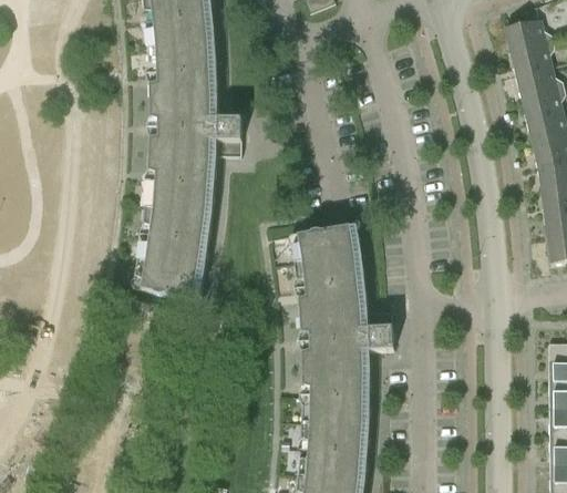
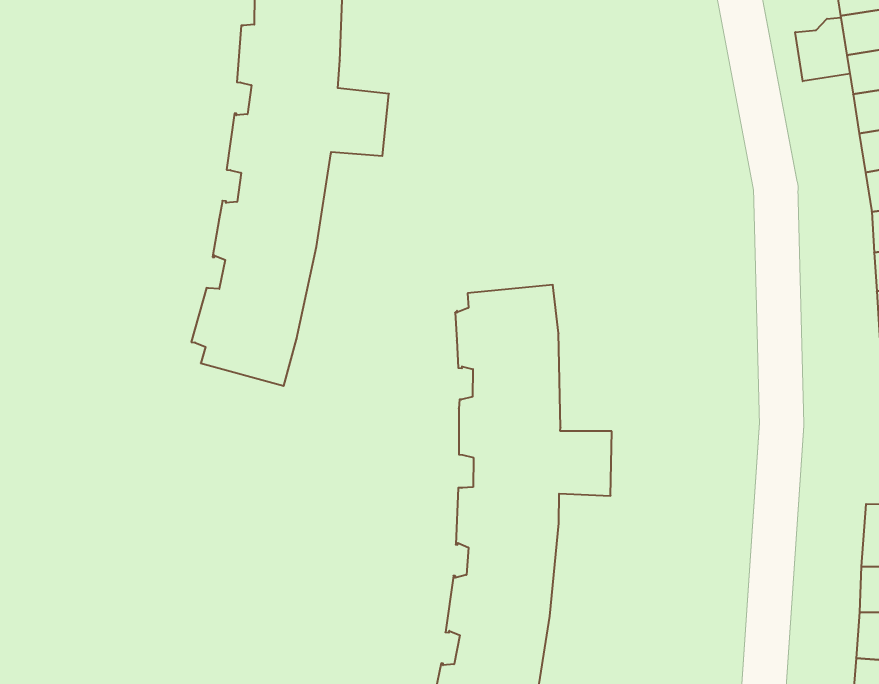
building: none -> [795,17,850,81]

